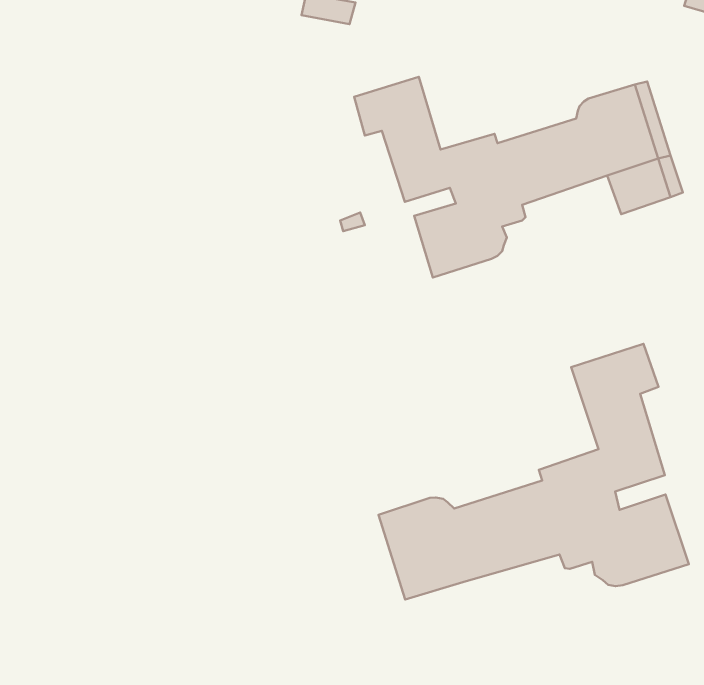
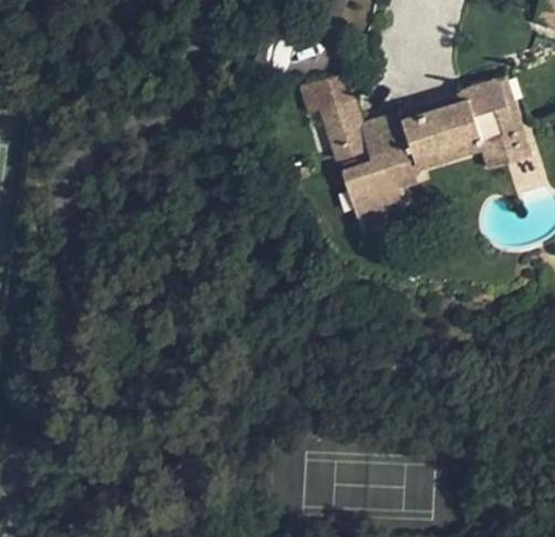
building: [378,344,689,599] -> none

